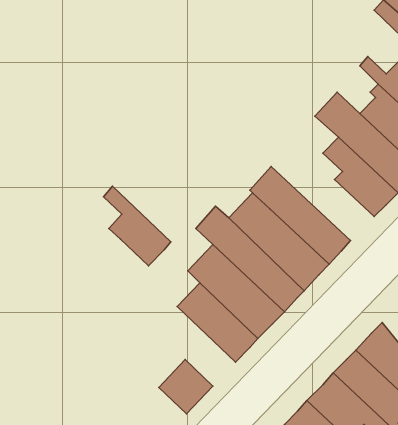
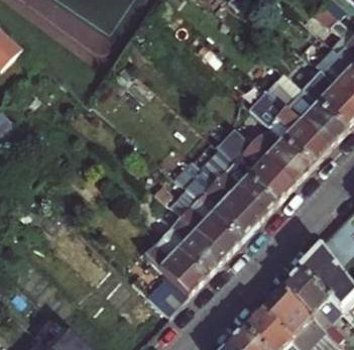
building: none -> [232,121,311,186]
building: [103,186,171,266] -> [153,236,205,297]

